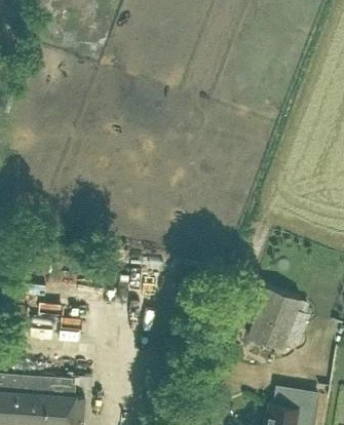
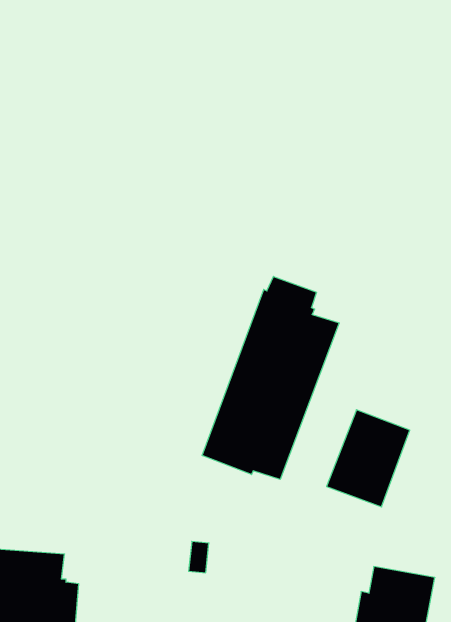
building: none -> [202,276,339,479]

